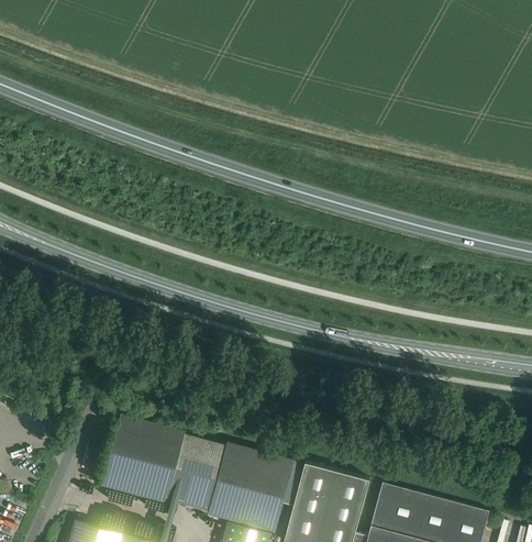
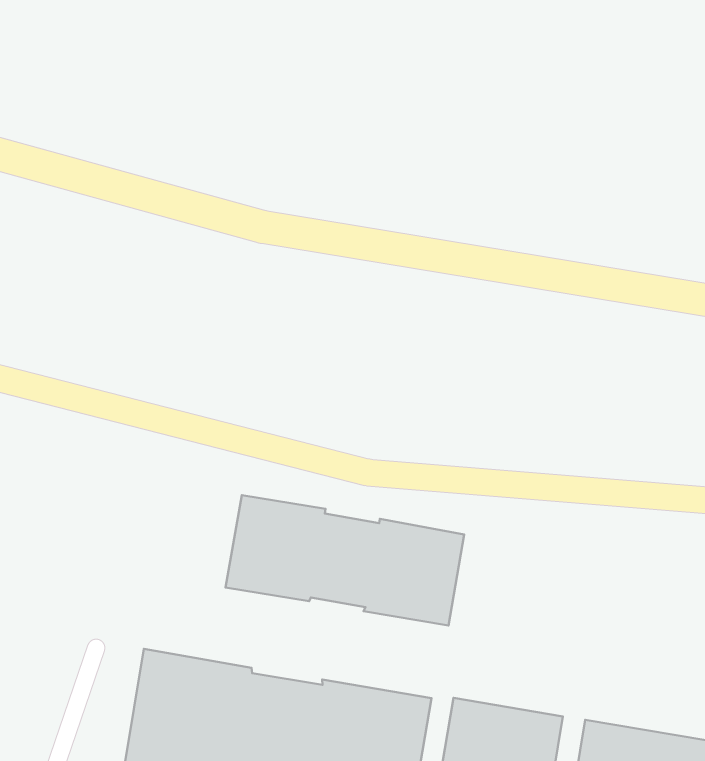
building: none -> [226,495,464,625]

